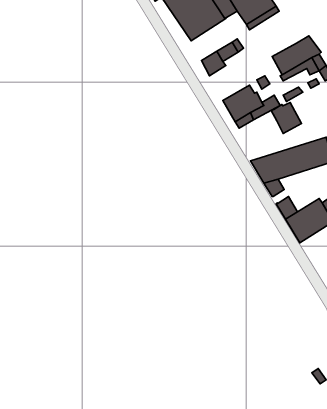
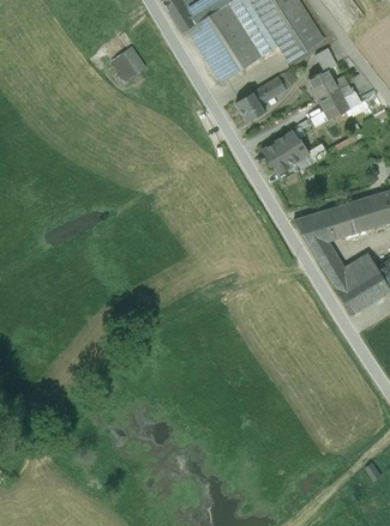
building: none -> [308,47,348,98]
building: none -> [113,48,145,80]
building: [271,102,301,133] -> none

